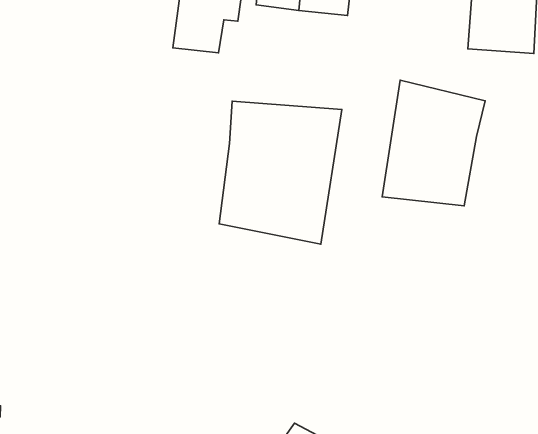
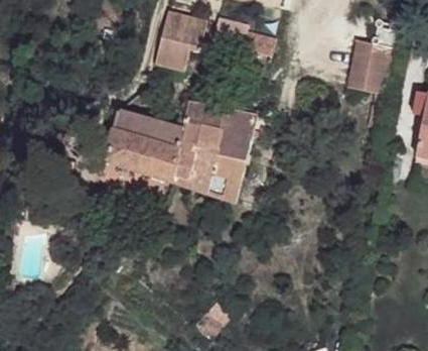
building: [382,80,485,206] -> none
building: none -> [103,109,184,180]

